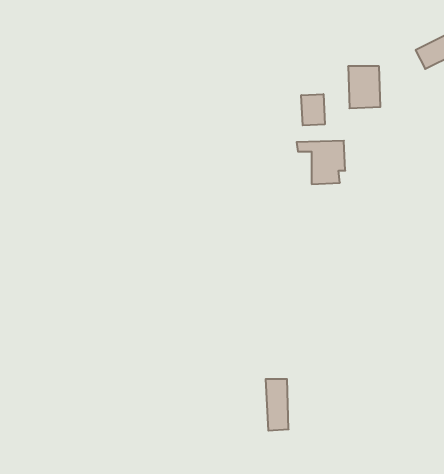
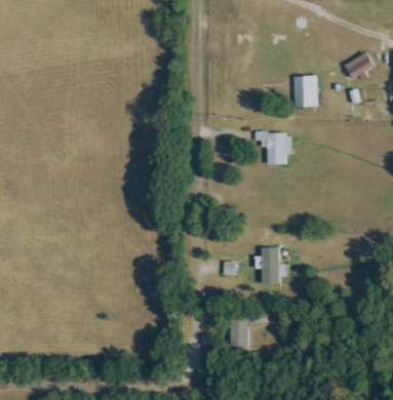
building: [301,94,325,125] -> none
building: none -> [259,247,282,284]

